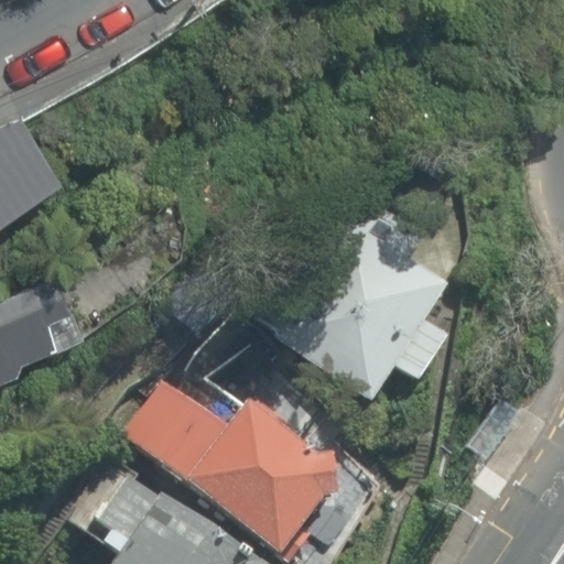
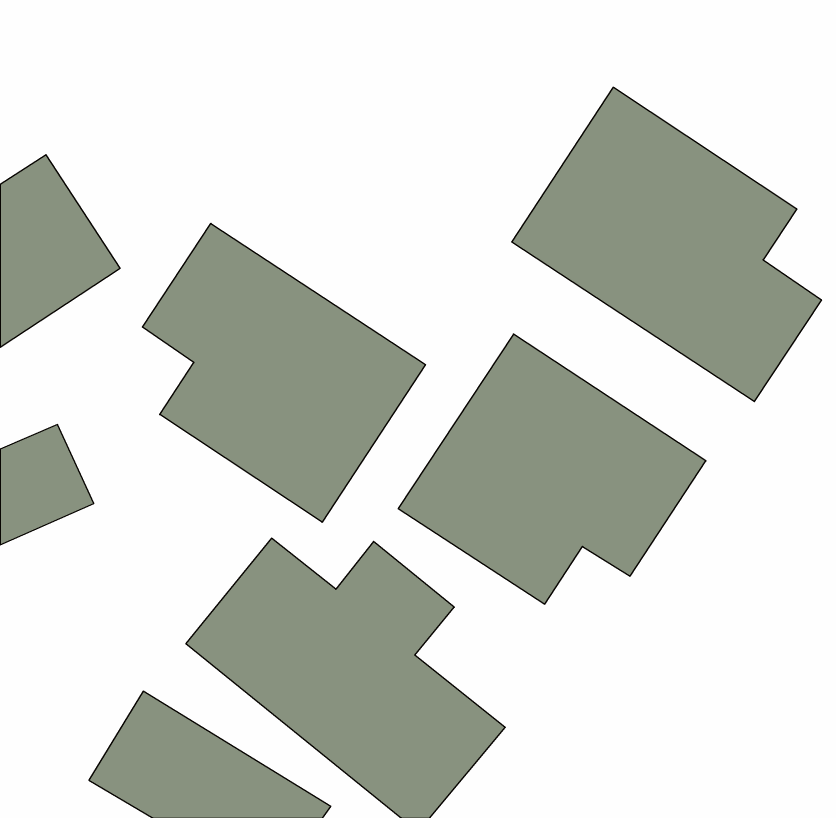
building: none -> [512,87,821,402]
building: none -> [142,223,425,522]

